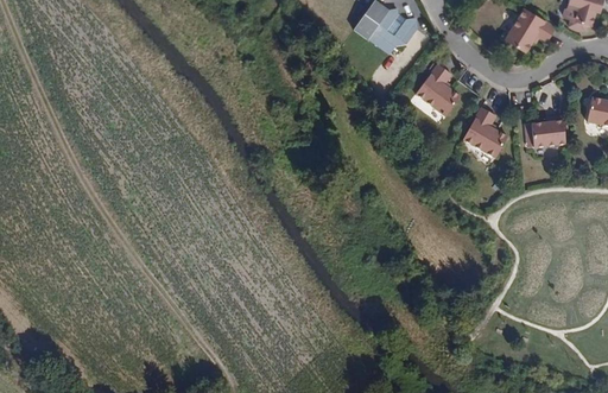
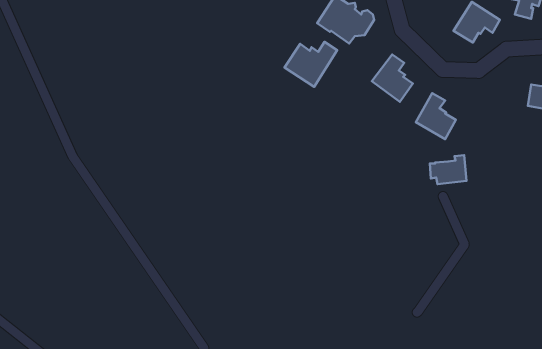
building: none -> [284,42,337,87]
building: [525,113,565,145] -> [430,155,466,184]

